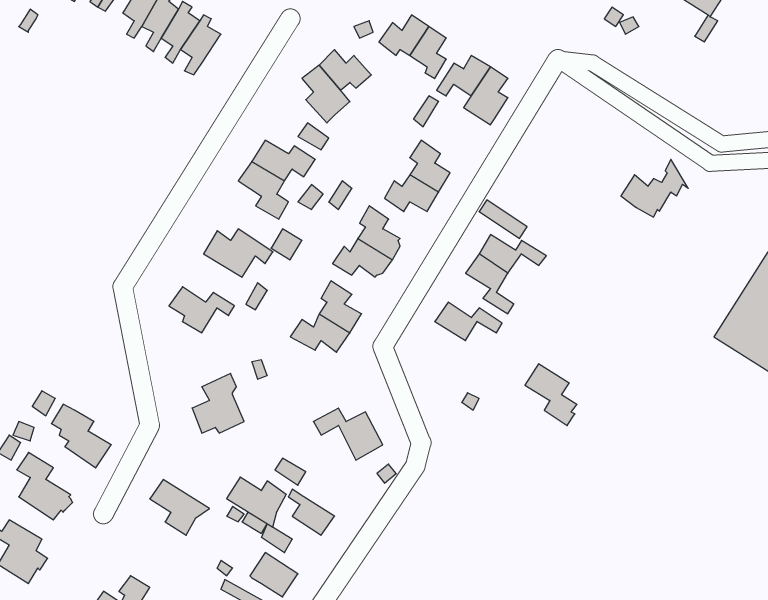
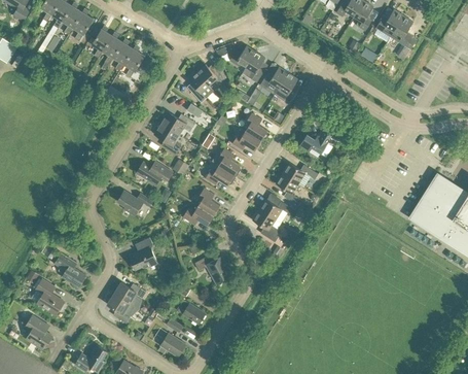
building: [621,159,688,217] -> [300,126,336,157]
building: [525,364,577,426] -> [252,209,280,242]
building: [227,477,286,527] -> [114,282,146,309]

